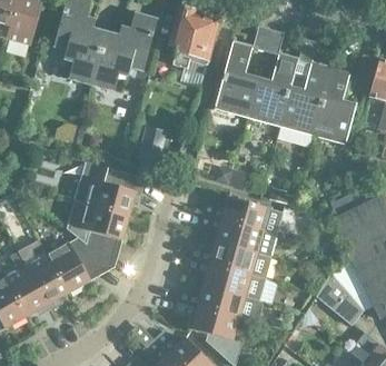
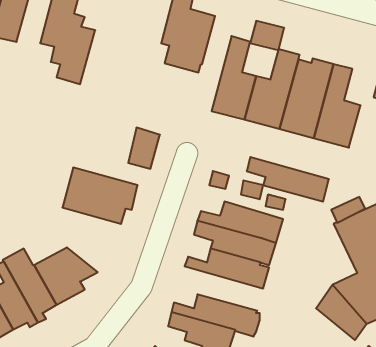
building: [91,11,157,89] -> none
building: [67,200,130,261] -> none
building: [187,256,265,298] -> [247,157,329,202]

